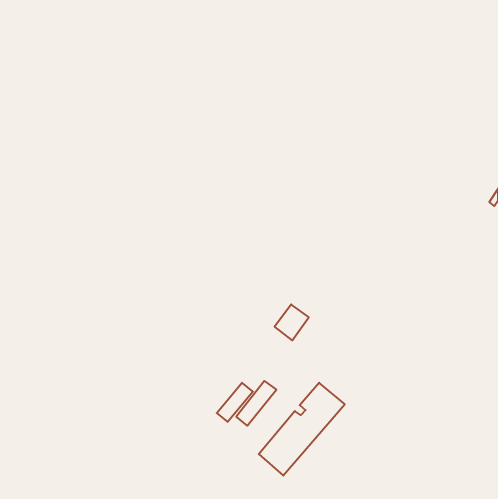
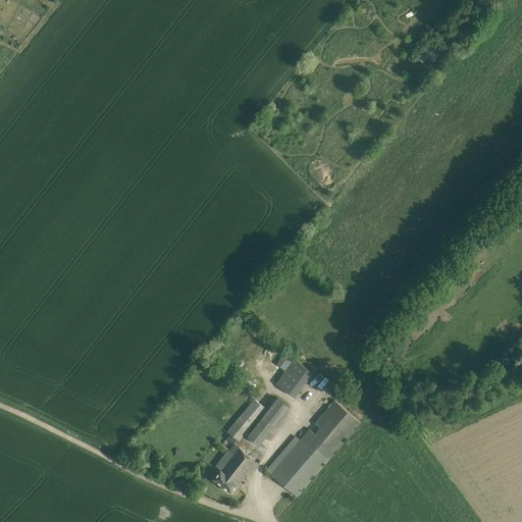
building: [275,304,309,340] -> [275,360,311,398]
building: none -> [213,448,254,492]

